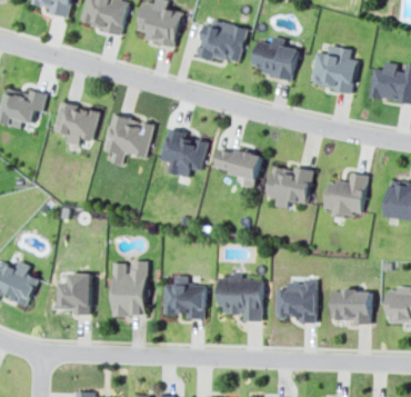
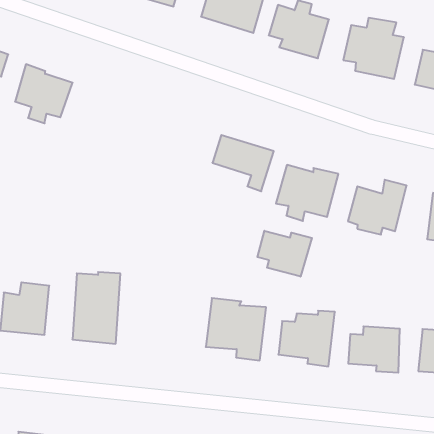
building: [104,115,153,165] -> none
building: [161,129,207,178] -> none
building: none -> [257,231,312,277]
building: [163,277,206,320] -> none

